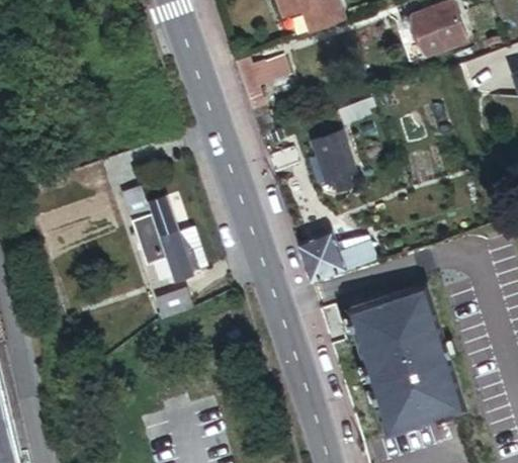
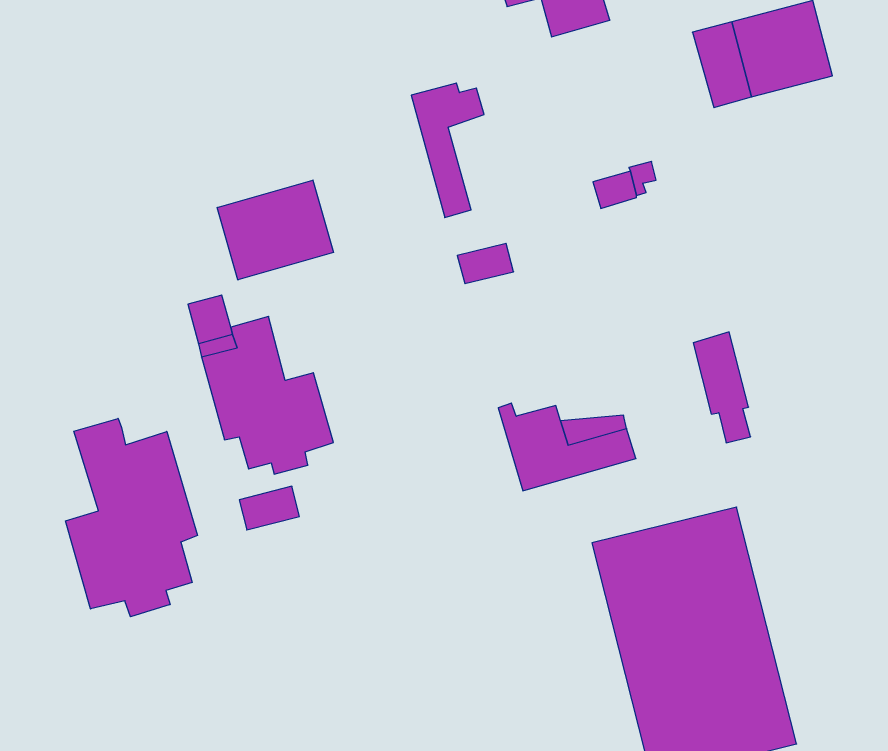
building: none -> [217,180,334,280]
building: [314,133,348,194] -> [693,332,751,443]
building: none -> [65,418,197,617]

